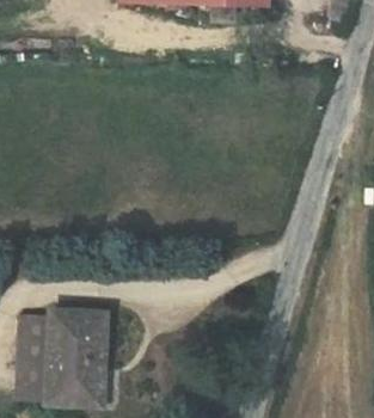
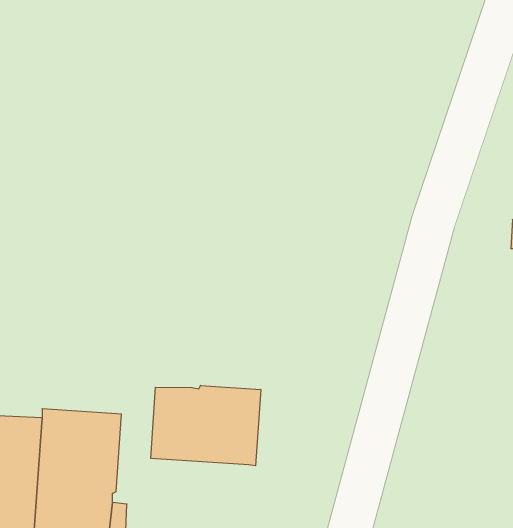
building: none -> [151,385,261,466]

